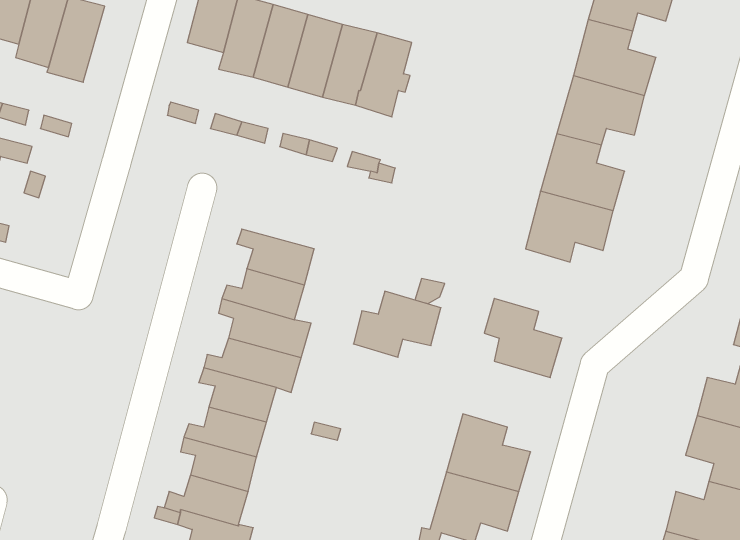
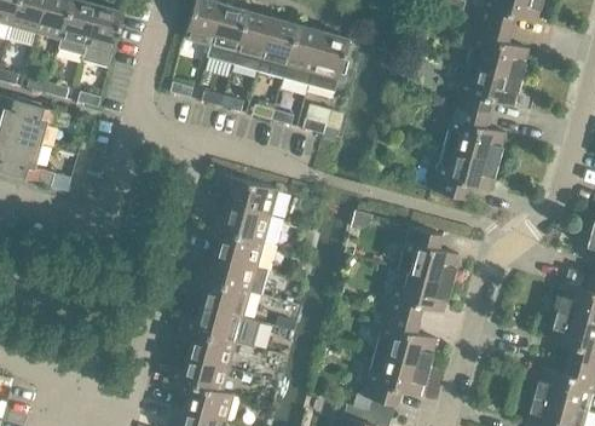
building: [353,291,441,357] -> [388,272,452,321]

